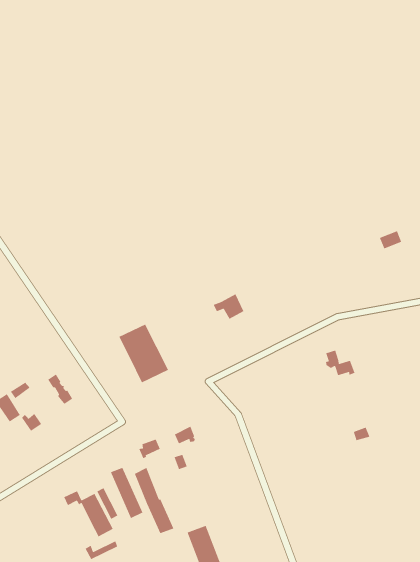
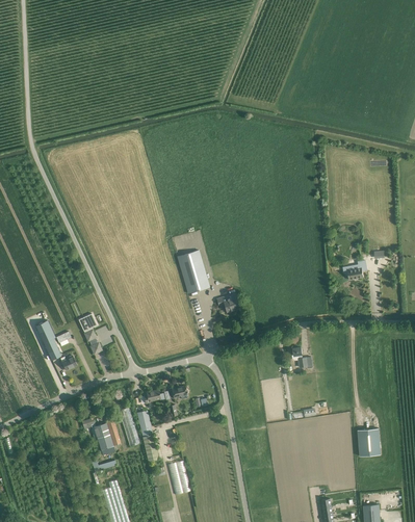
building: [118,323,169,383] -> [176,250,209,293]

